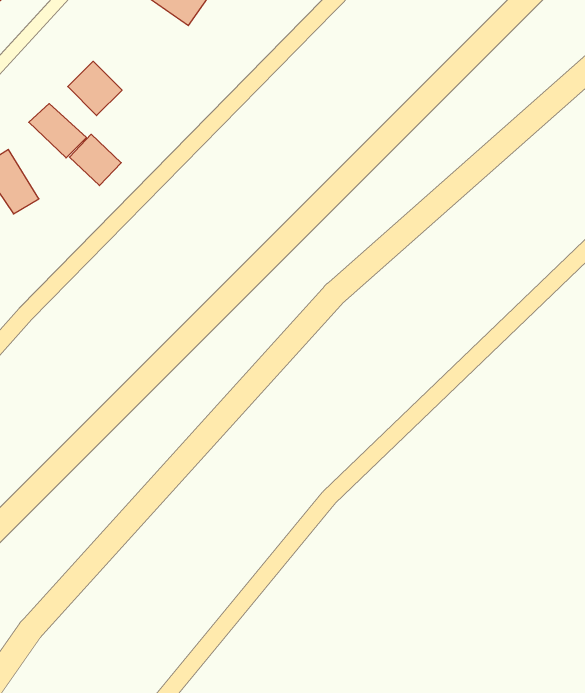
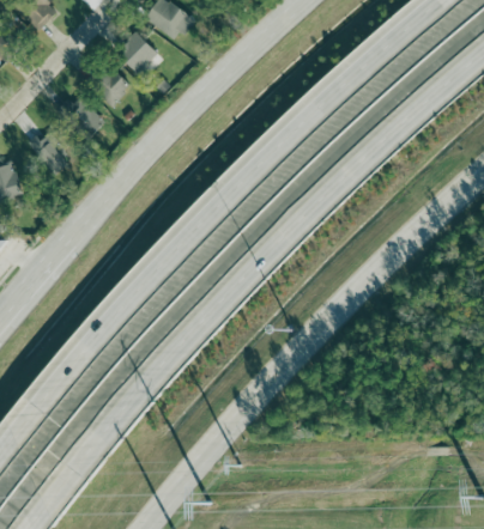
building: none -> [116,32,157,73]
building: [69,134,121,186] -> none

